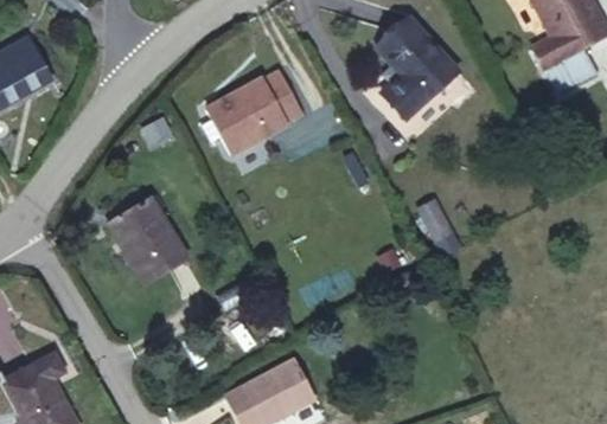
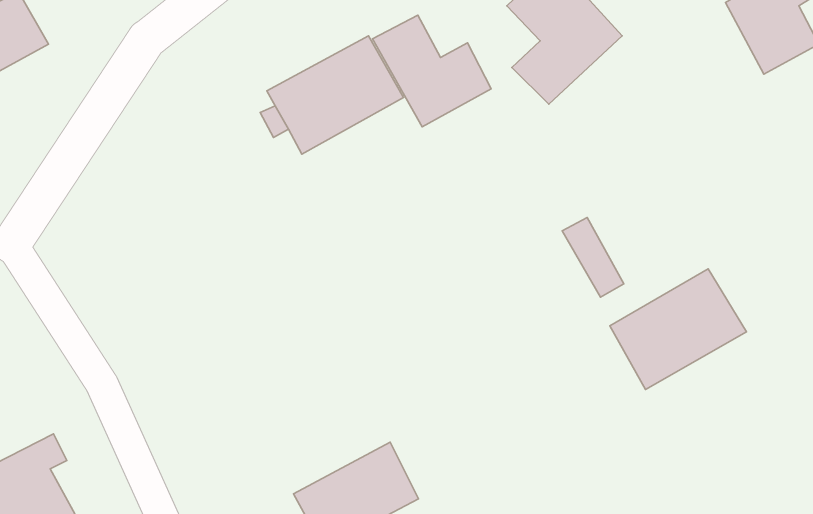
building: none -> [373,15,491,127]
building: [108,197,189,284] -> none
building: none -> [610,269,746,390]

